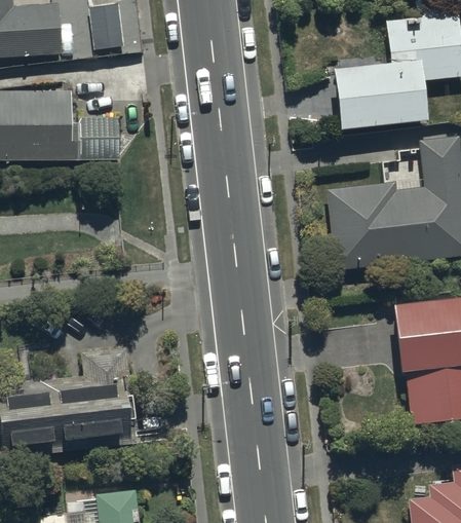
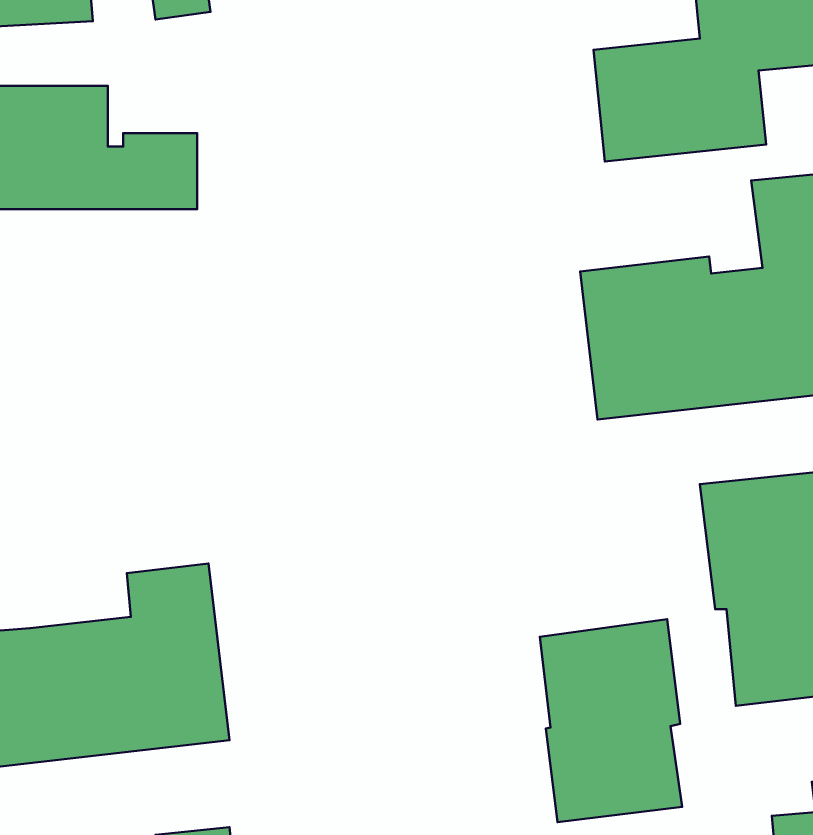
building: none -> [540,619,682,822]

